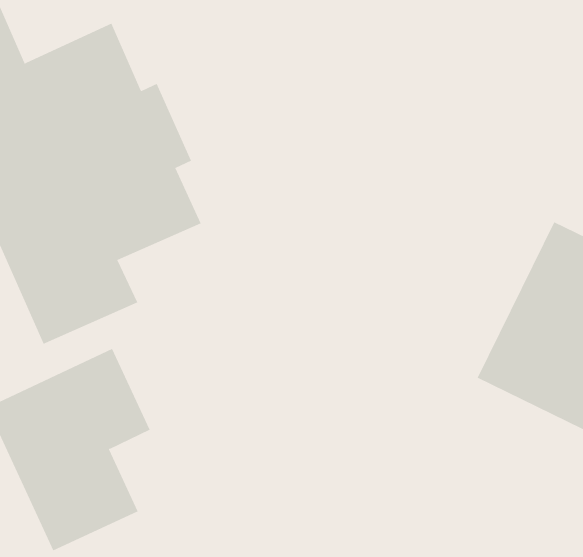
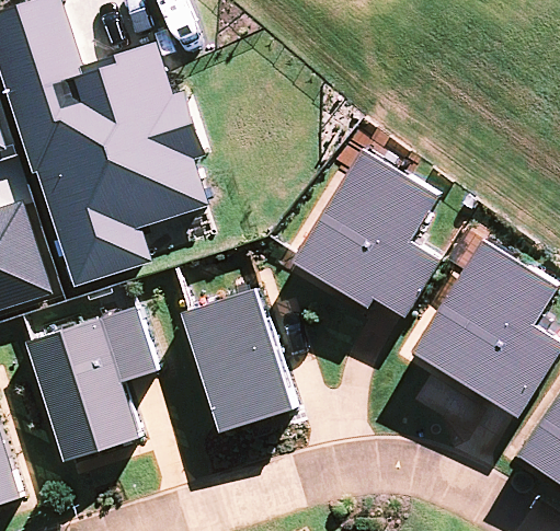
building: none -> [295,153,444,320]
building: none -> [183,288,287,426]

